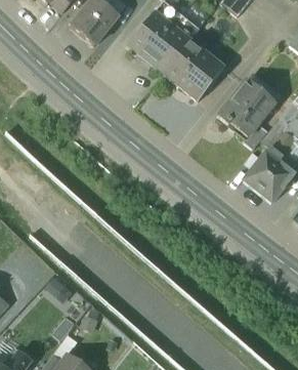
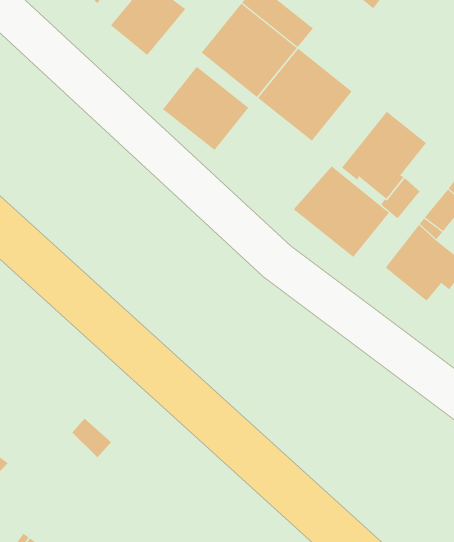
building: none -> [162,66,249,151]
building: none -> [293,166,390,258]

